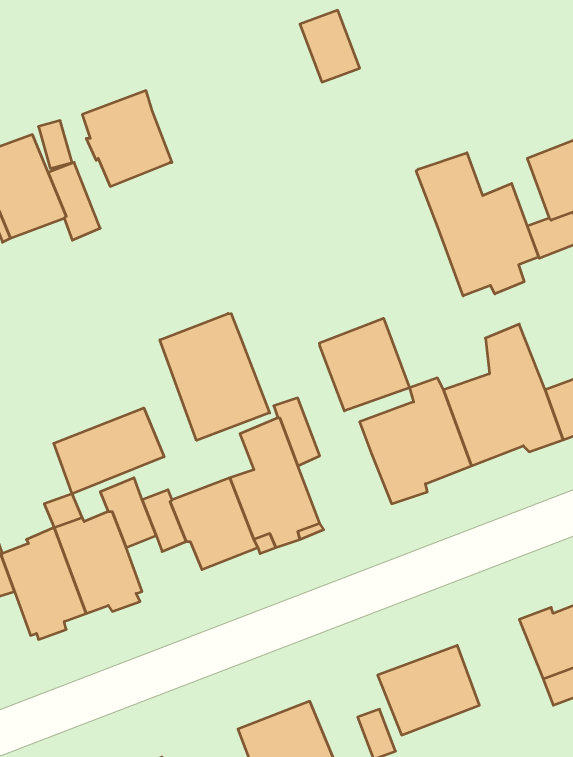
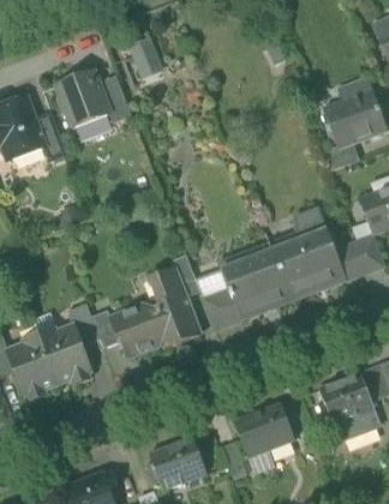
building: [300,10,360,82] -> [127,34,163,77]
building: none -> [97,74,131,121]
building: [416,153,539,296] -> none
building: [160,313,270,440] -> none
building: [320,318,410,411] -> none
building: [54,408,164,494] -> none
building: none -> [203,288,241,329]

